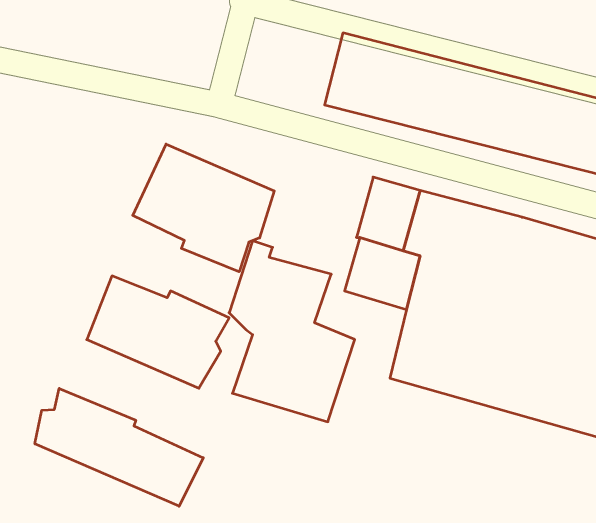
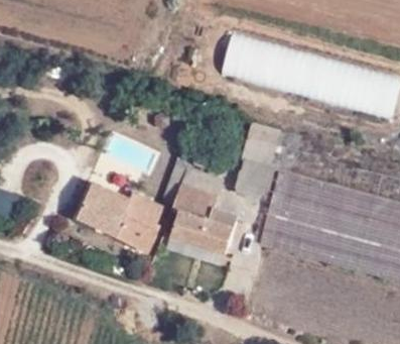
building: [133,144,274,272] -> none
building: [35,388,203,506] -> none

